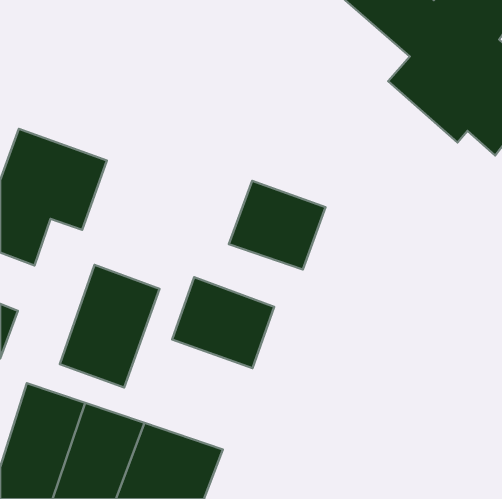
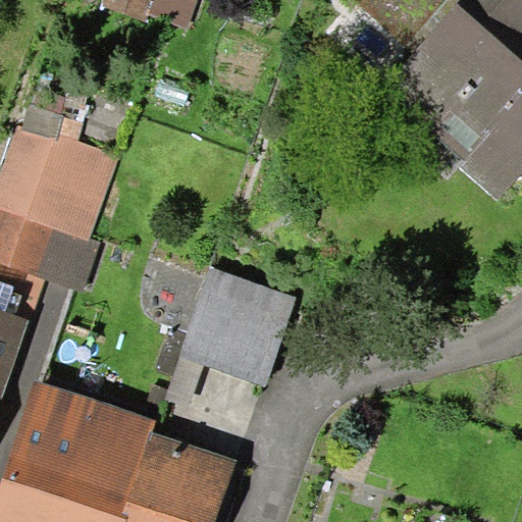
building: [229,181,325,270] -> none
building: [60,265,159,387] -> none

